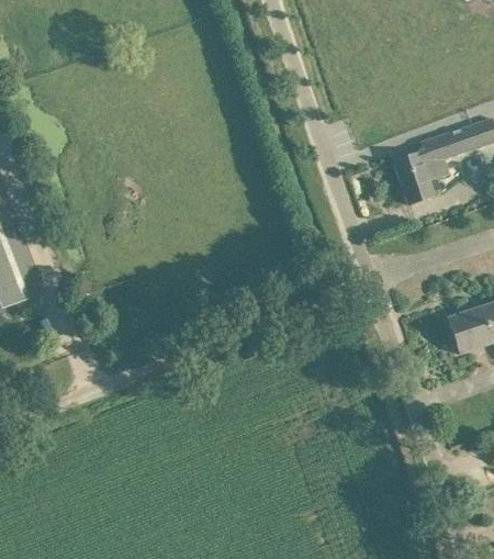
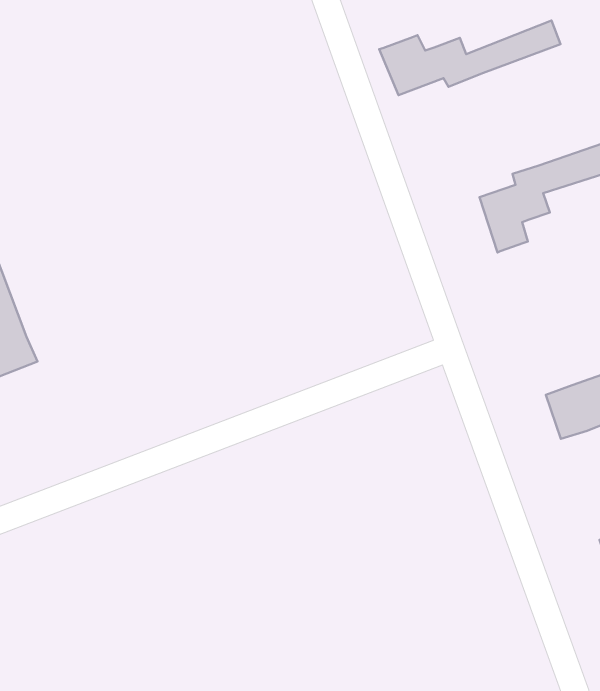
building: none -> [379,21,561,95]

